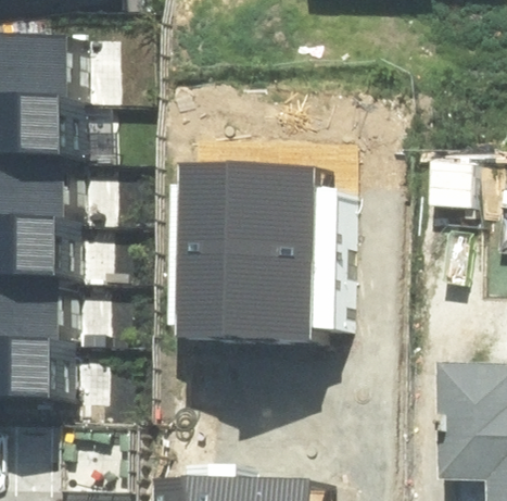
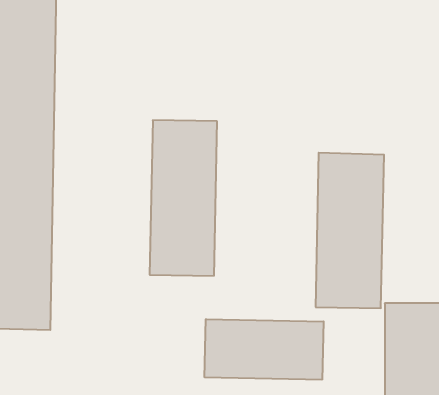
building: [256,173,329,338] -> [316,153,384,308]
building: none -> [205,319,324,380]

